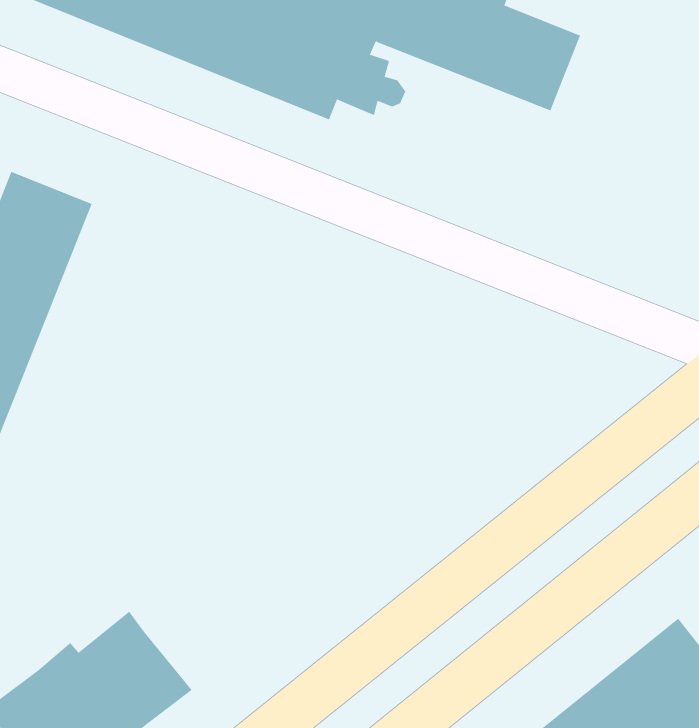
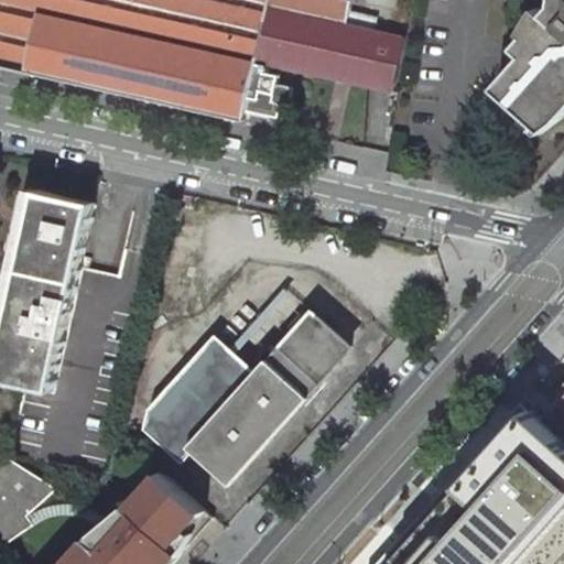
building: none -> [145,311,346,477]

